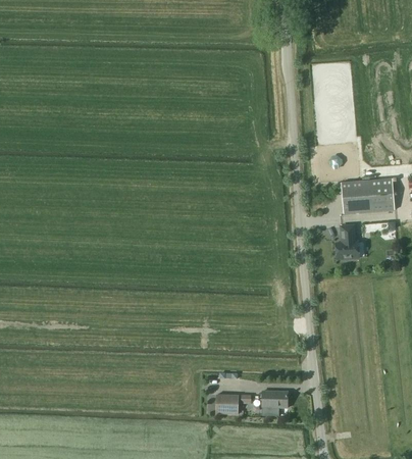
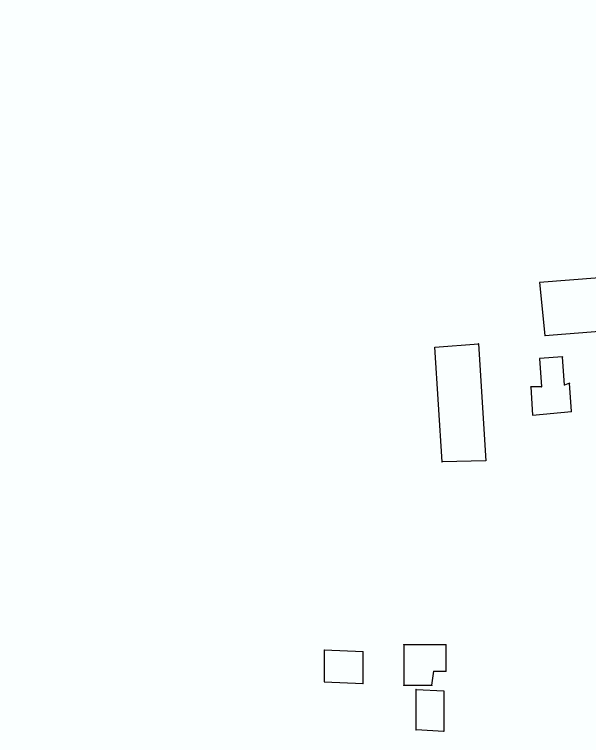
building: none -> [435,344,486,462]
building: none -> [416,689,444,731]

